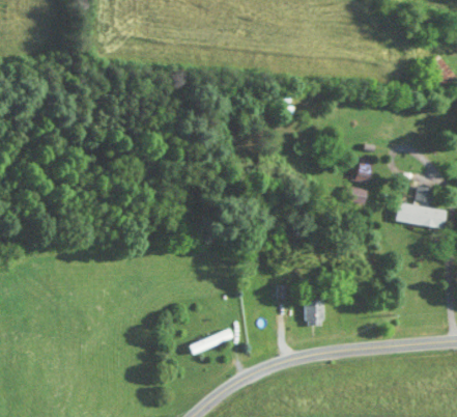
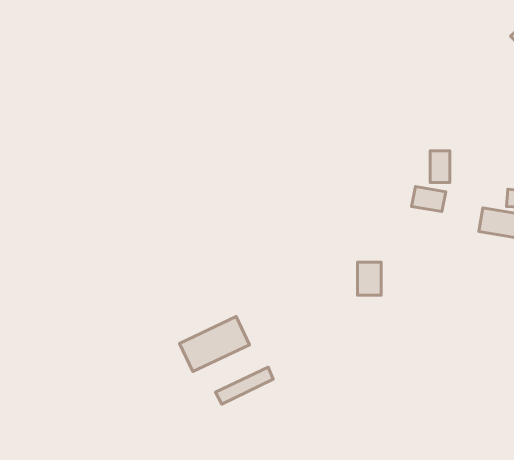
building: none -> [180,317,249,372]
building: [304,299,322,325] -> [358,262,381,295]

